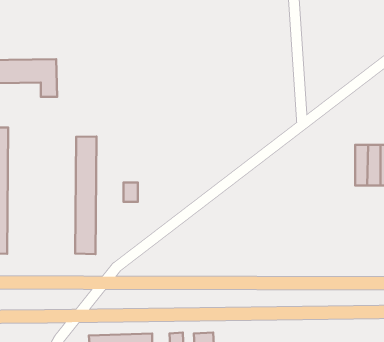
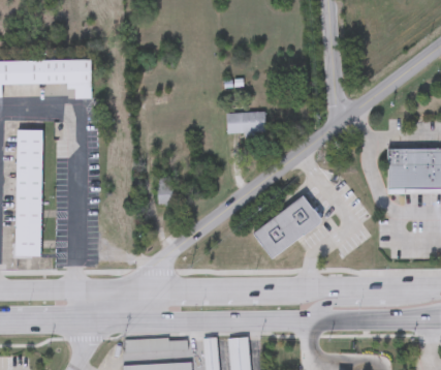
building: none -> [226,113,265,133]
building: [75,136,96,254] -> none
building: none -> [253,196,322,257]

